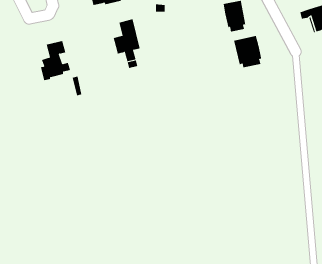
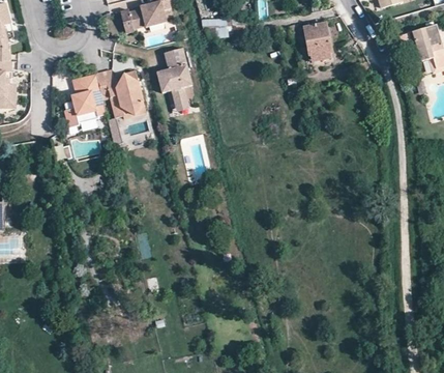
building: [233,35,262,68] -> none
building: none -> [96,68,147,117]

